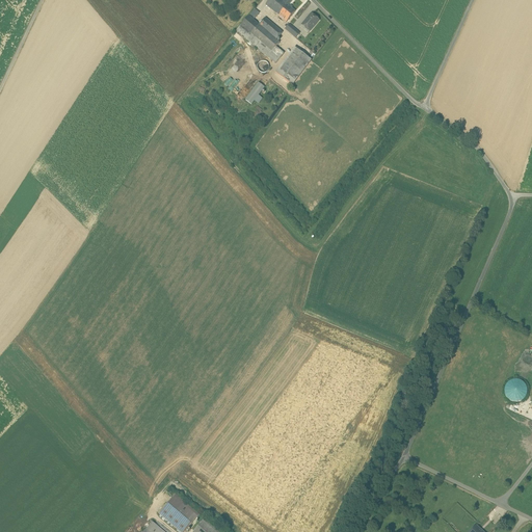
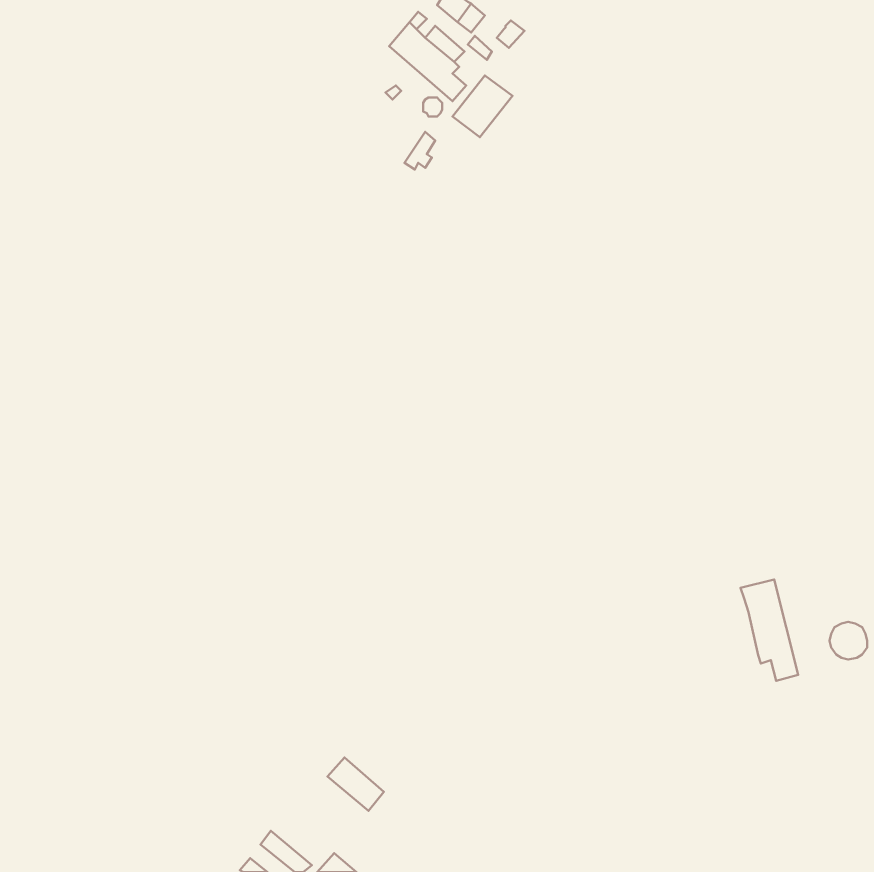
building: none -> [741,579,798,681]
building: [164,493,198,525] -> [327,758,384,811]

